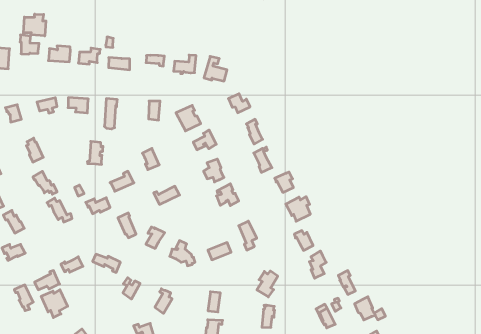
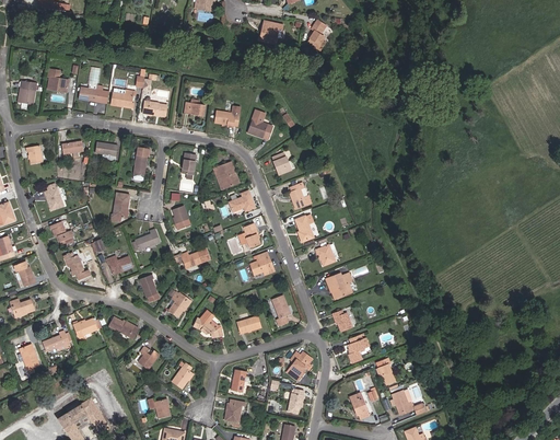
building: [23,14,46,36] -> none
building: [41,290,68,318] -> none

